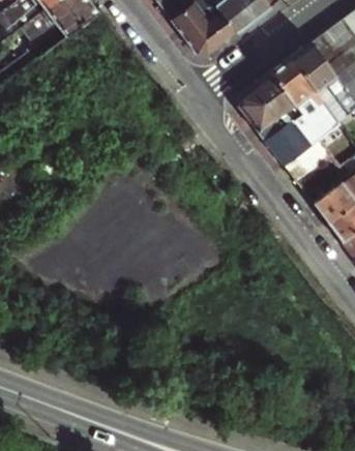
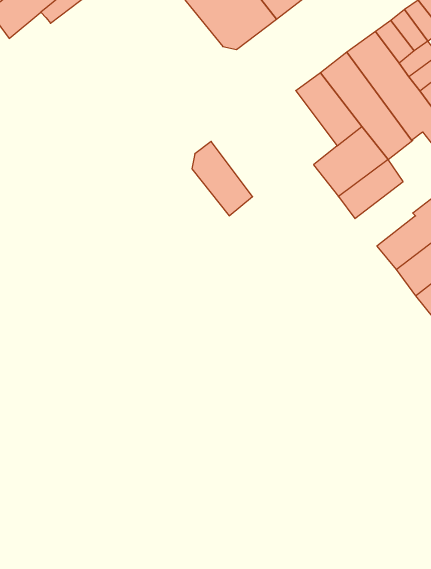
building: [237,85,283,141] -> [192,141,253,216]

